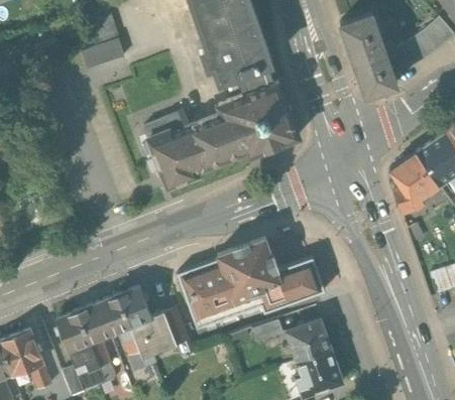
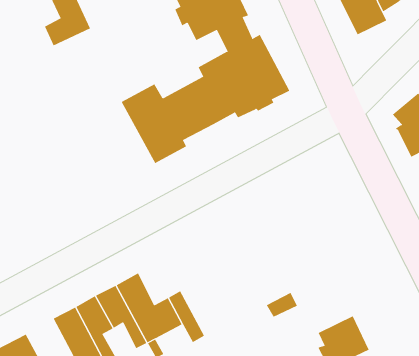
building: [178,242,326,327] -> none
building: [287,318,332,361] -> none

